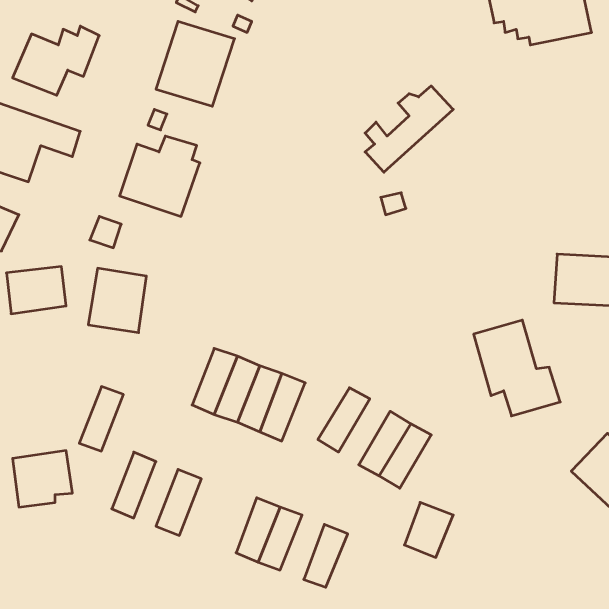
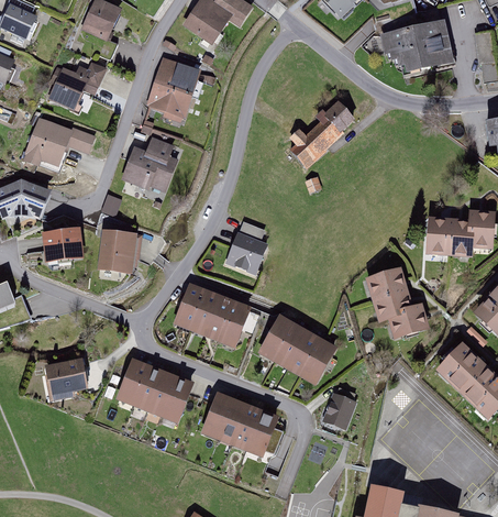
building: none -> [225,230,268,275]
building: [79,387,123,451] -> [131,365,162,410]
building: none -> [274,321,310,367]
building: none -> [163,377,193,422]
building: none -> [233,403,264,448]

